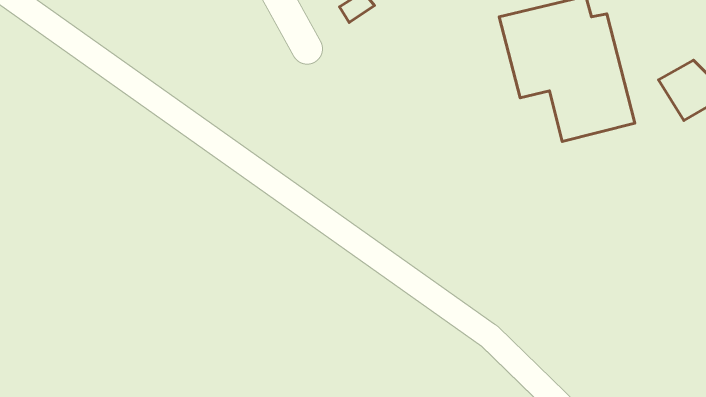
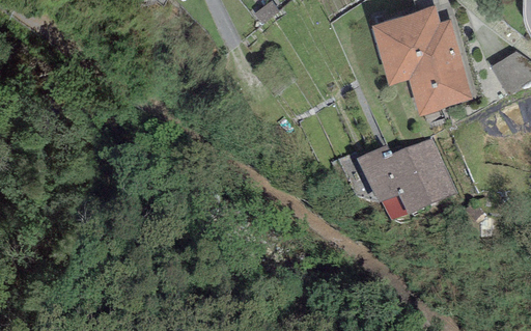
building: none -> [357,142,456,227]

